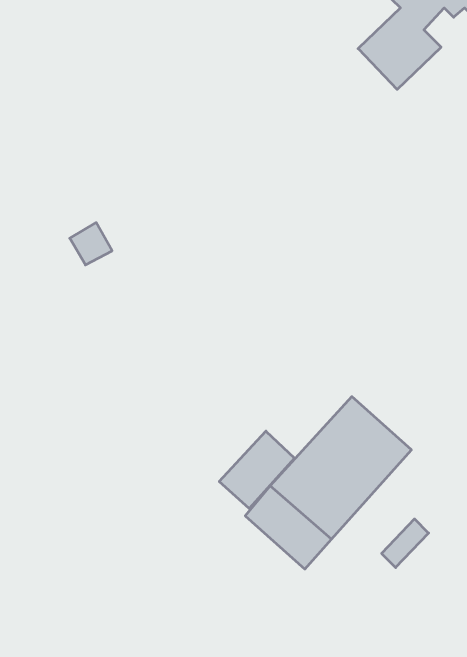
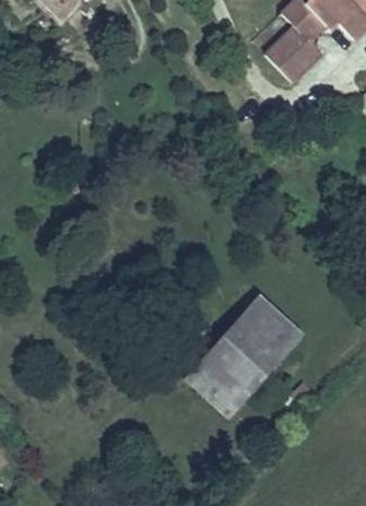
building: [219,431,294,509] -> none

